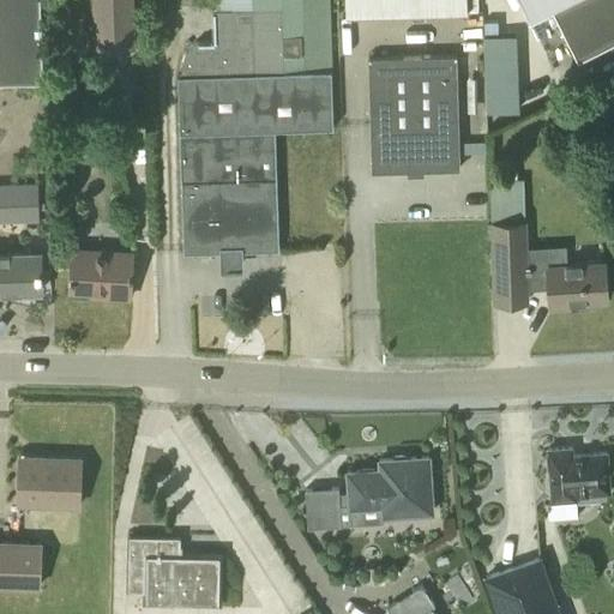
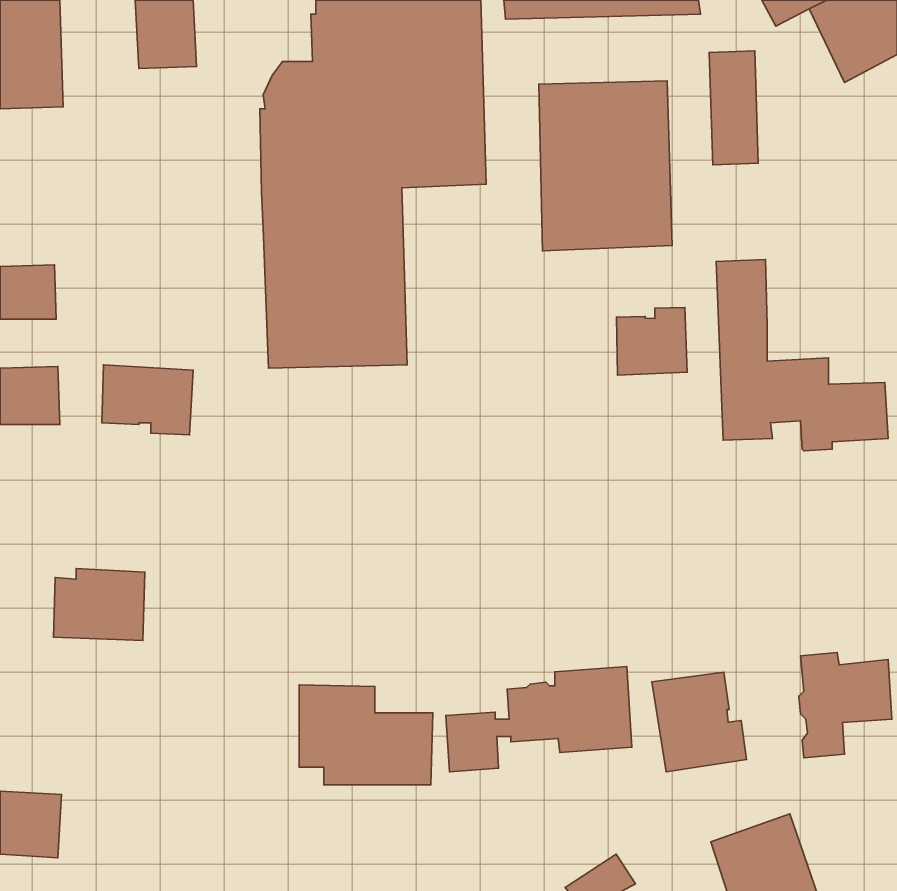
building: none -> [617,307,687,375]
building: [18,459,80,508] -> [53,569,145,641]
building: none -> [652,672,747,772]
building: [128,538,219,607] -> [299,685,433,785]

